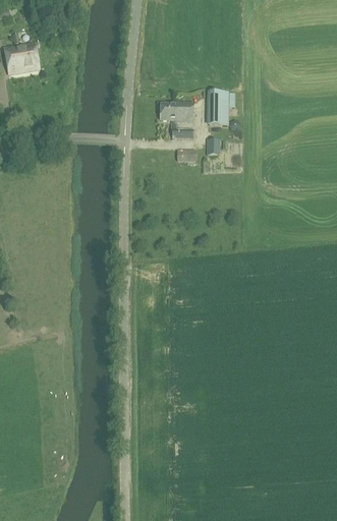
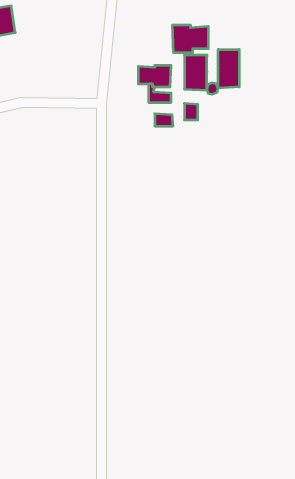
building: none -> [173,25,208,53]
building: none -> [218,49,239,88]

